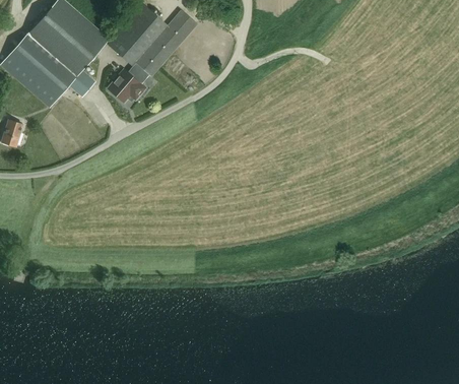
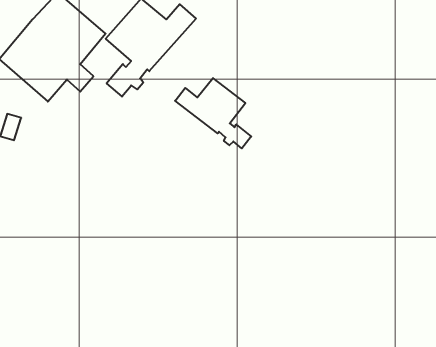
building: none -> [175,78,251,148]

